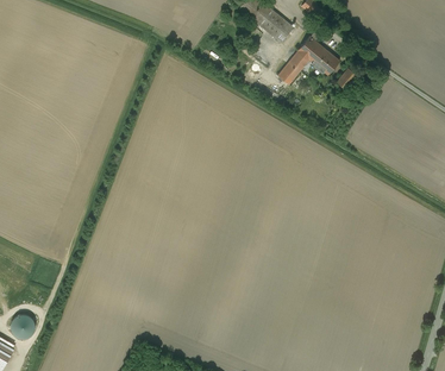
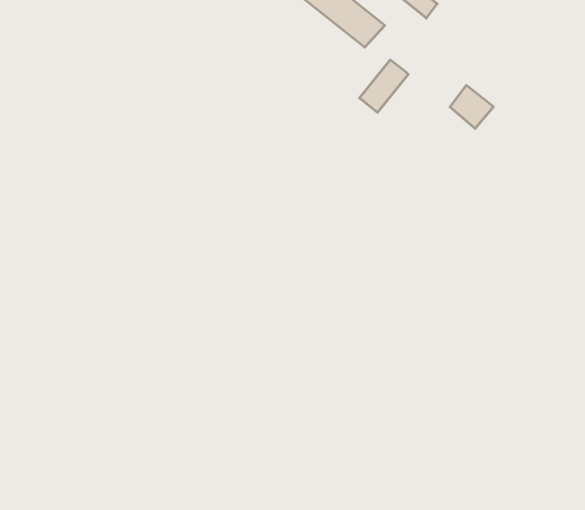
building: [297,34,339,75] -> none

